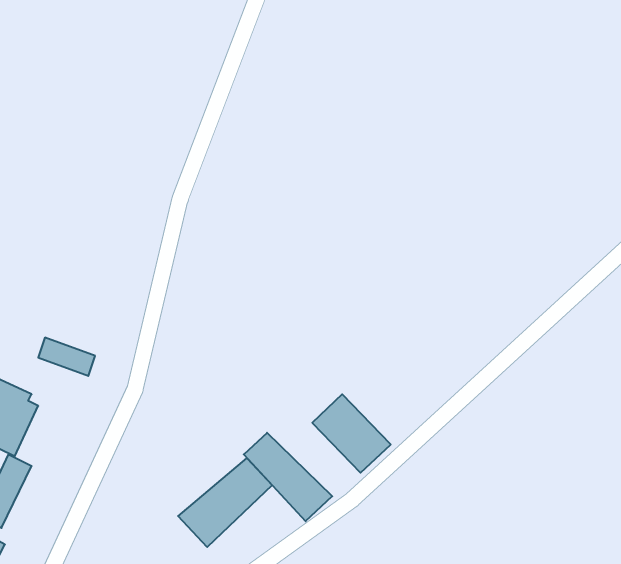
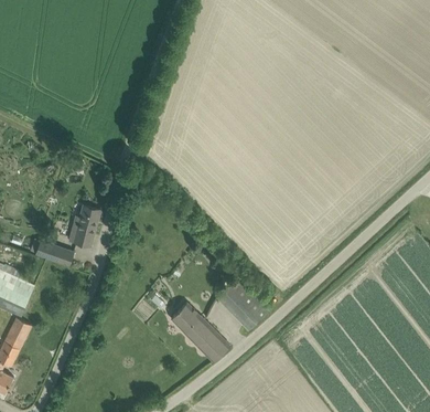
building: none -> [69,205,99,247]
building: [178,458,272,547] -> none

